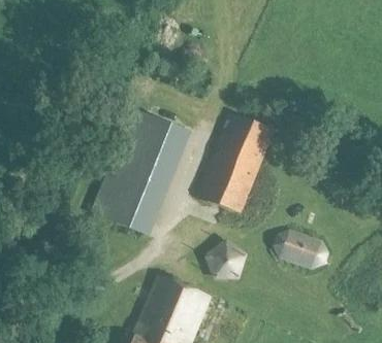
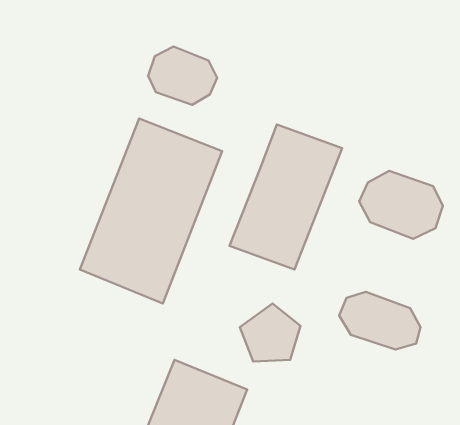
building: none -> [148,47,217,105]
building: none -> [359,171,443,239]

